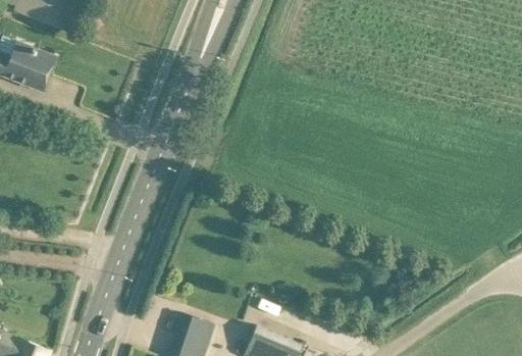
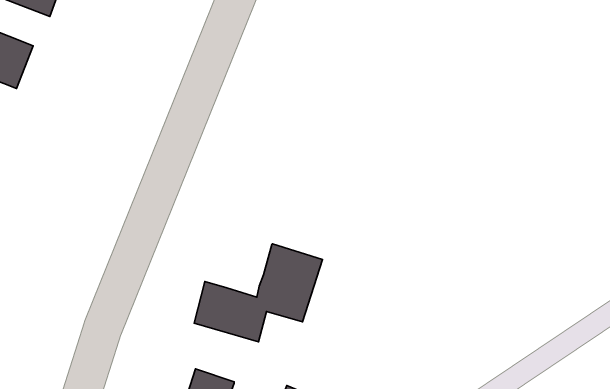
building: none -> [194,244,322,342]

